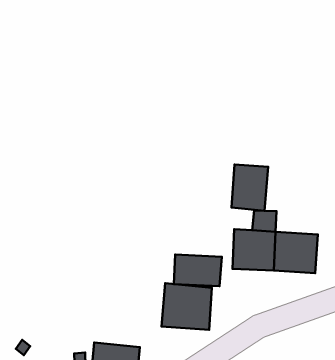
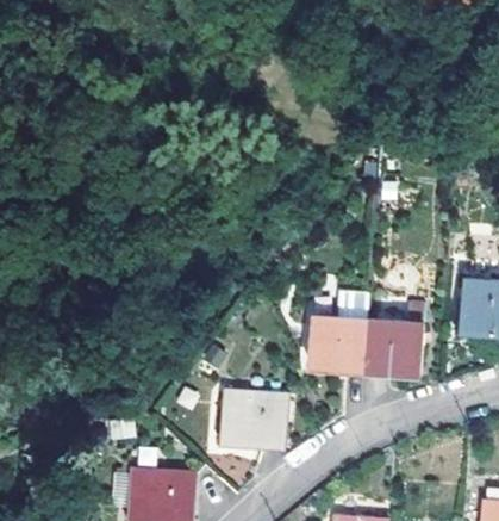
building: [232,164,268,211] -> none
building: [174,255,222,286] -> none

